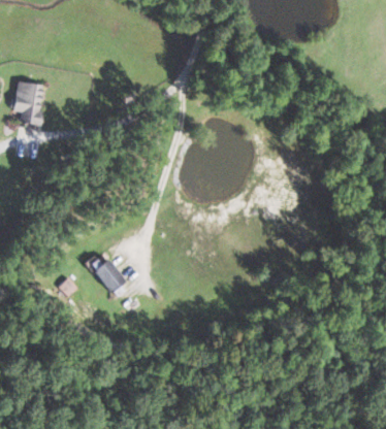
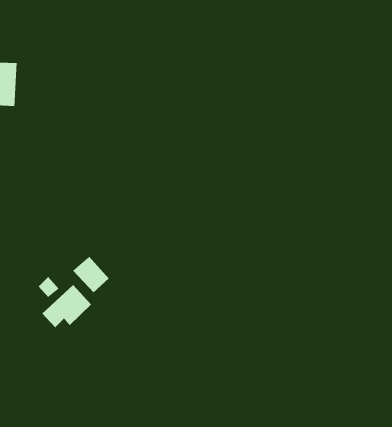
building: none -> [42,284,92,328]

